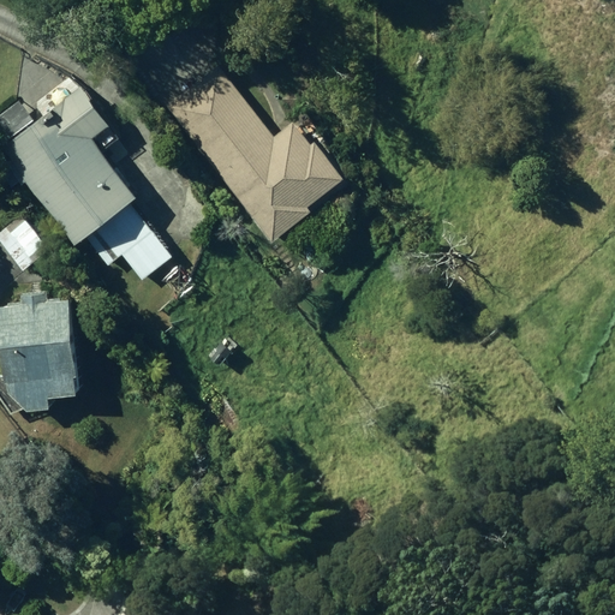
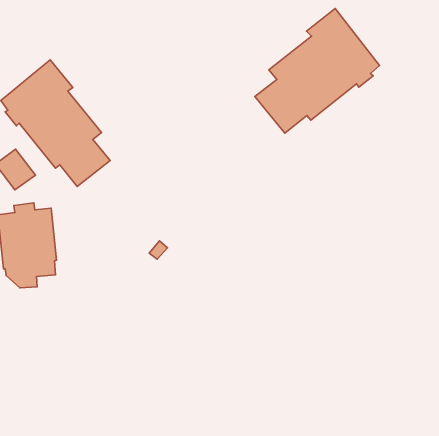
building: none -> [255,9,380,133]
building: [166,68,344,243] -> none

